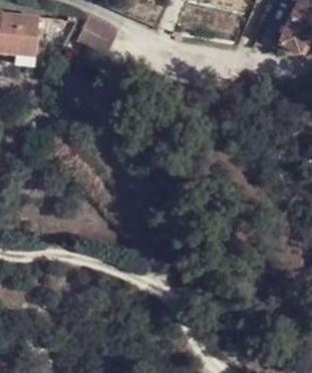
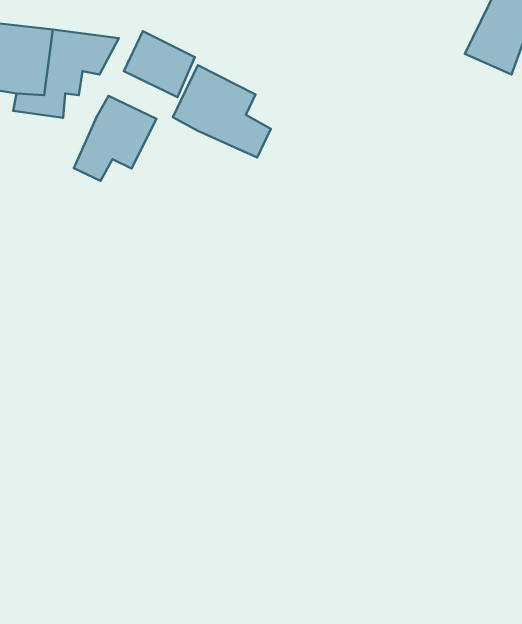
building: none -> [173,65,271,158]
building: none -> [74,96,157,181]

